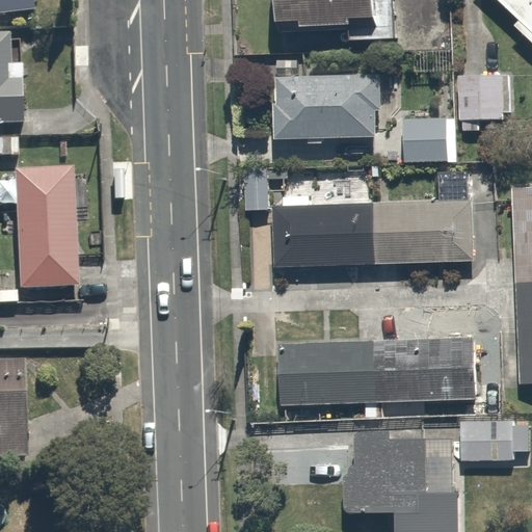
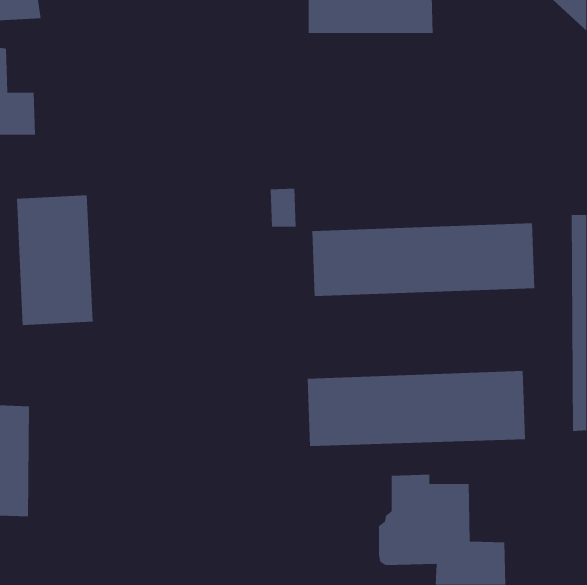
building: [460,73,511,132] -> none
building: [276,82,376,142] -> none
building: [401,117,450,160] -> none
building: [458,418,511,457] -> none

